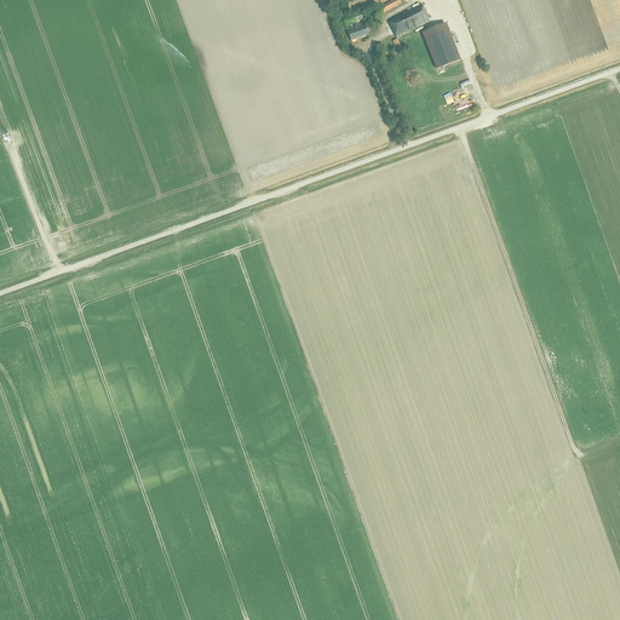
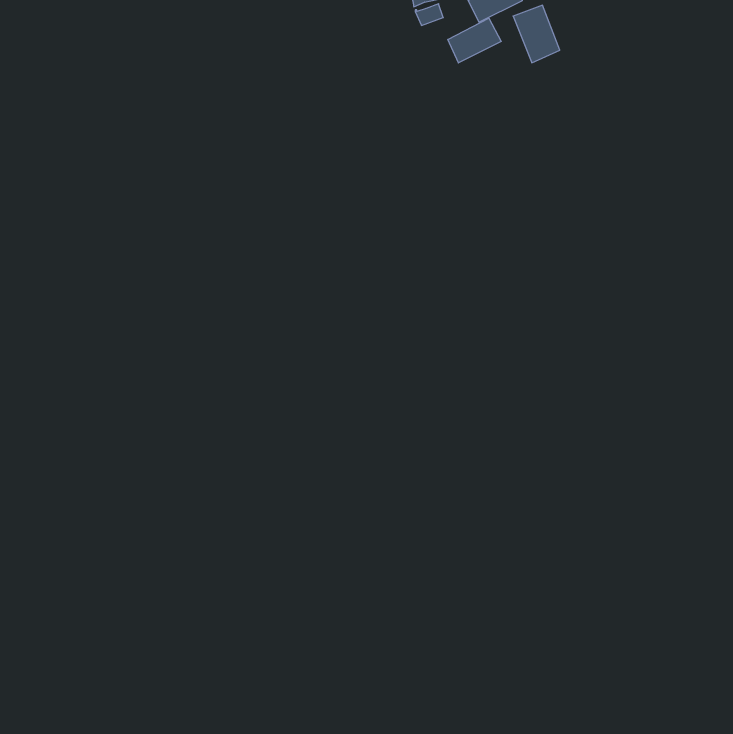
building: none -> [448,18,501,63]

